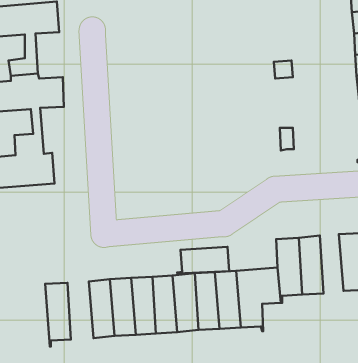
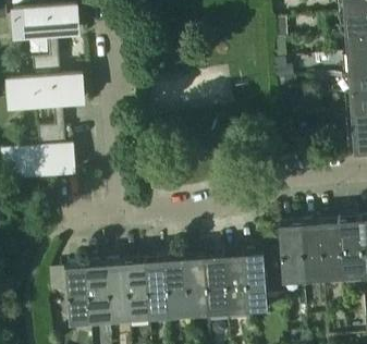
building: none -> [320,223,342,278]
building: [177,247,229,274] -> none
building: none -> [87,267,111,320]

